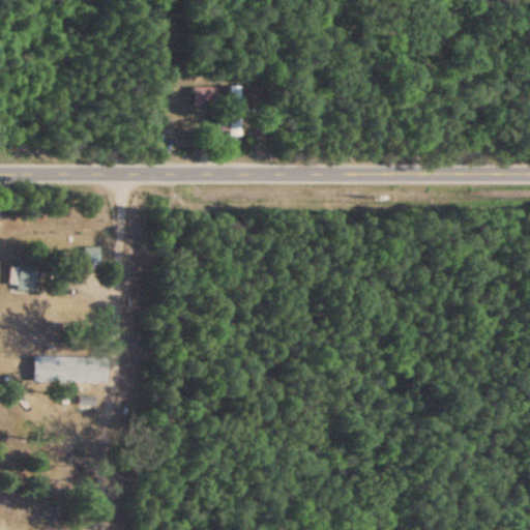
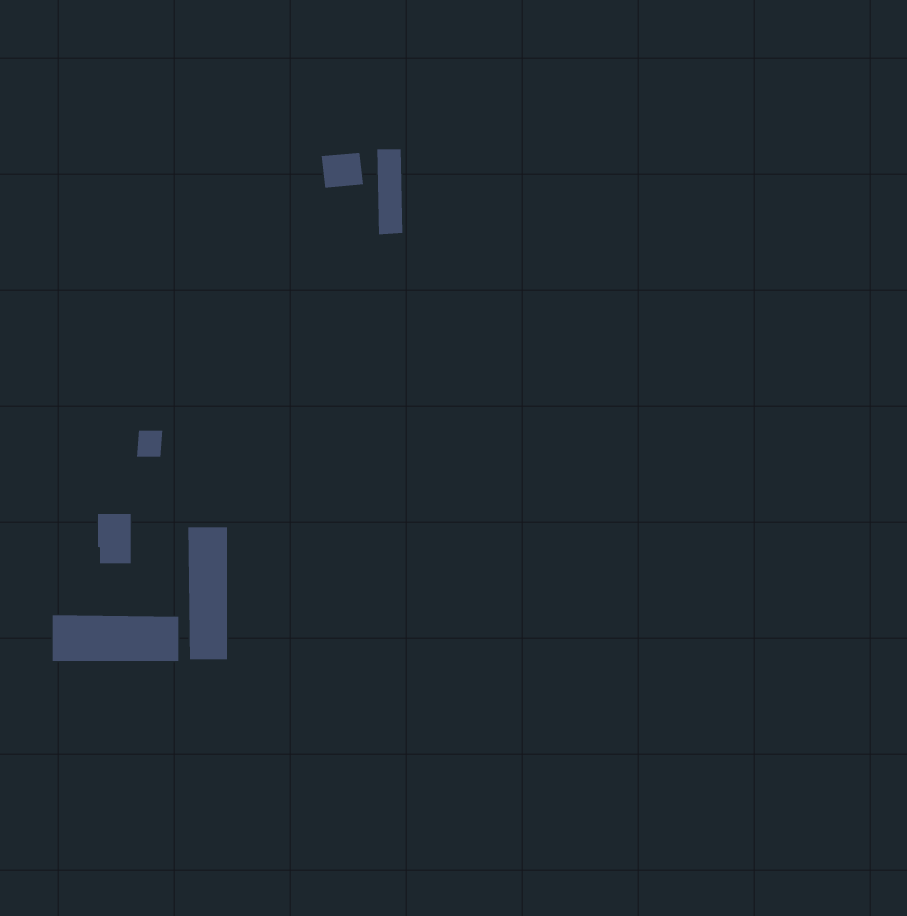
building: [18,263,37,292] -> [97,514,131,564]
building: none -> [188,527,227,660]

